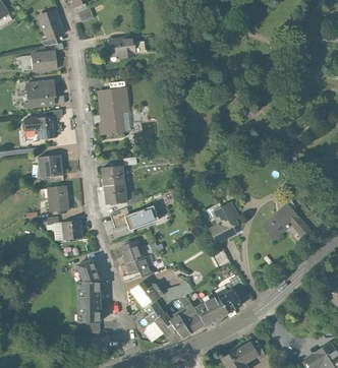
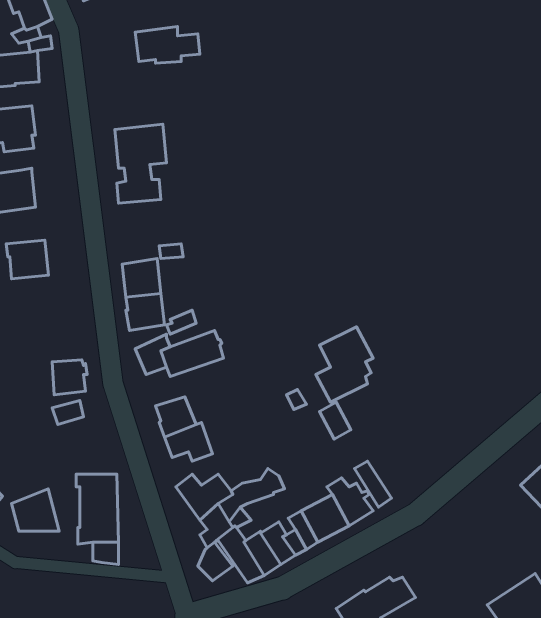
building: [47,186,67,210] -> none
building: [260,203,312,241] -> none
building: [72,260,99,284] -> [11,489,59,531]

